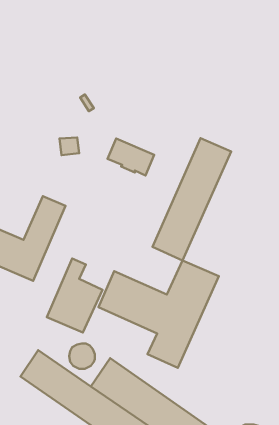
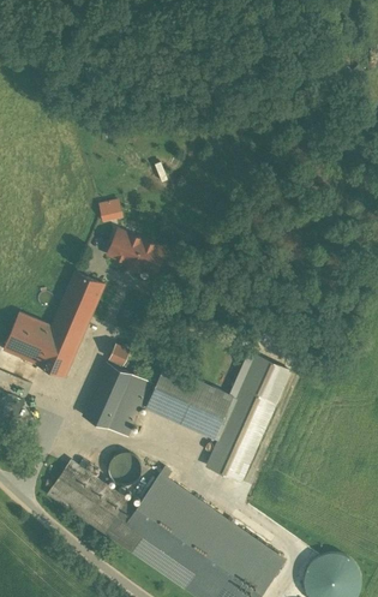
building: [153,138,231,260] -> none
building: [107,138,154,175] -> [108,228,166,274]

